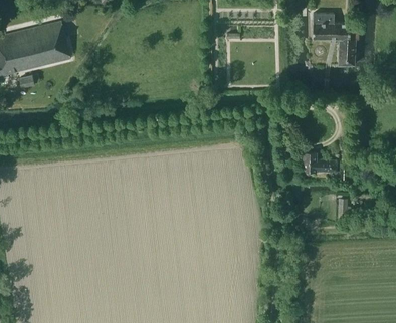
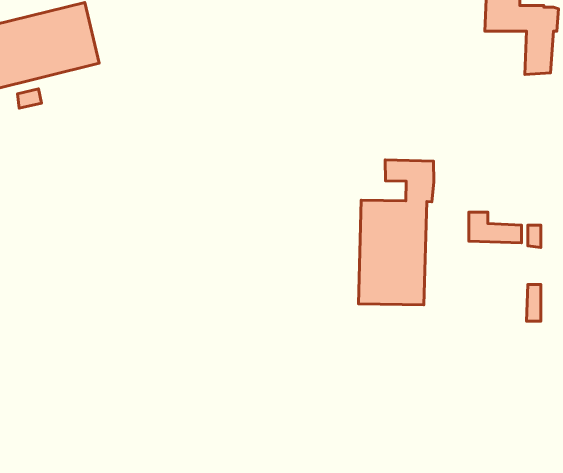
building: none -> [358,160,434,305]

